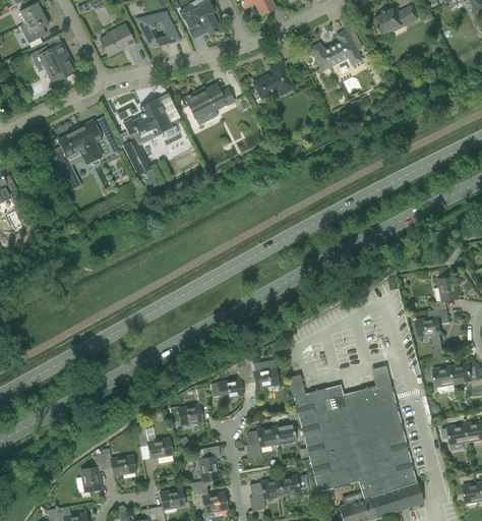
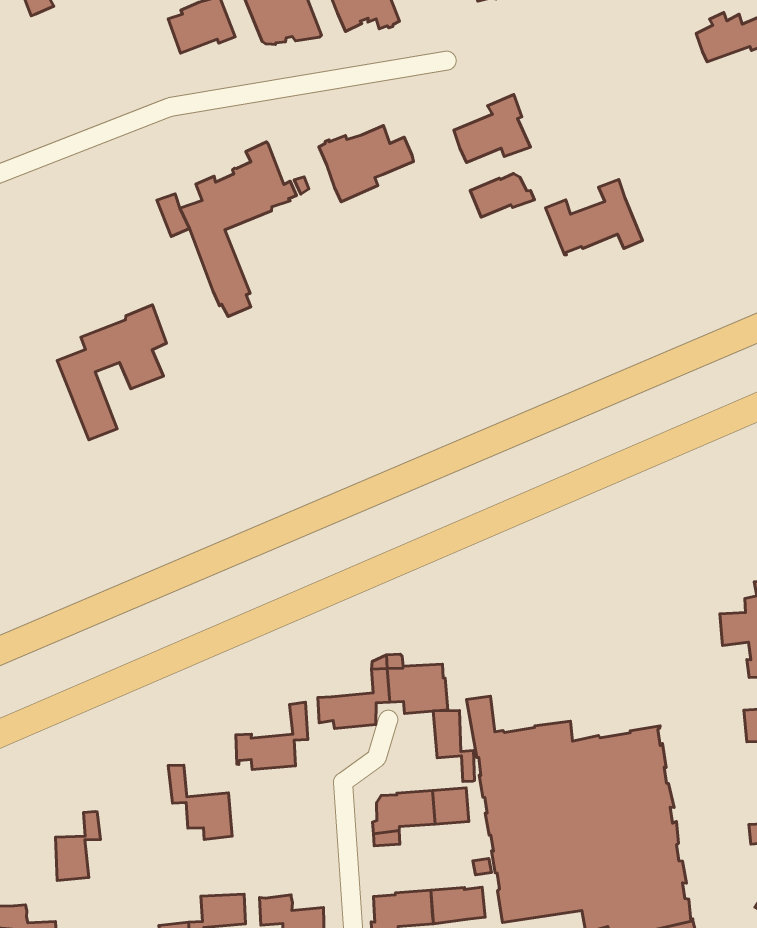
building: [310,30,362,71] -> [545,179,642,255]
building: [32,43,77,83] -> none
building: none -> [470,173,535,217]
building: [47,119,103,192] -> [57,305,166,440]
building: none -> [433,711,474,781]
building: [190,446,221,490] -> none
building: [103,448,136,475] -> none

